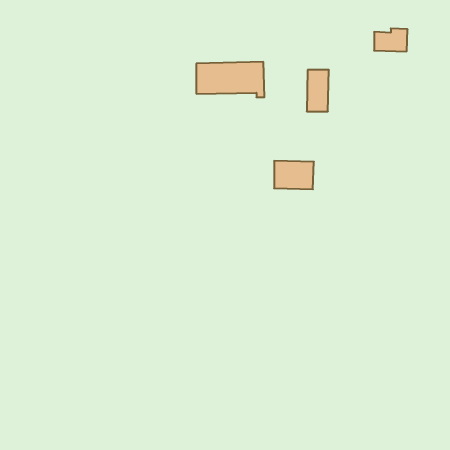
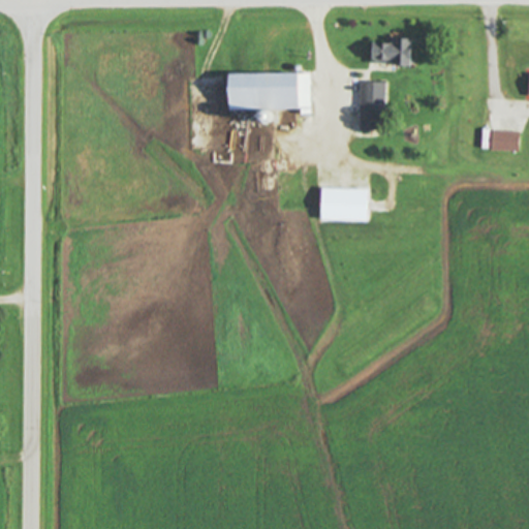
building: [374,28,408,51] -> [372,38,411,65]
building: none -> [491,130,519,151]

